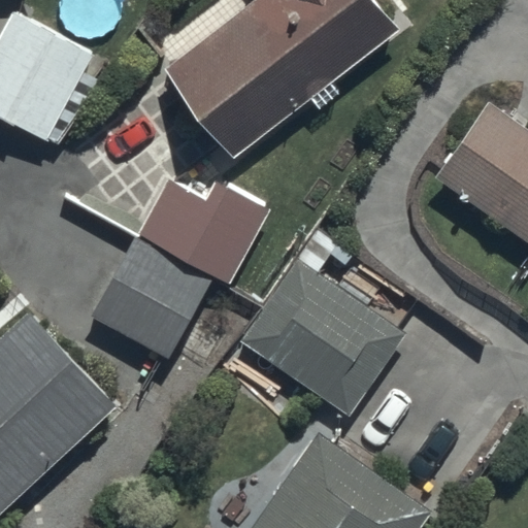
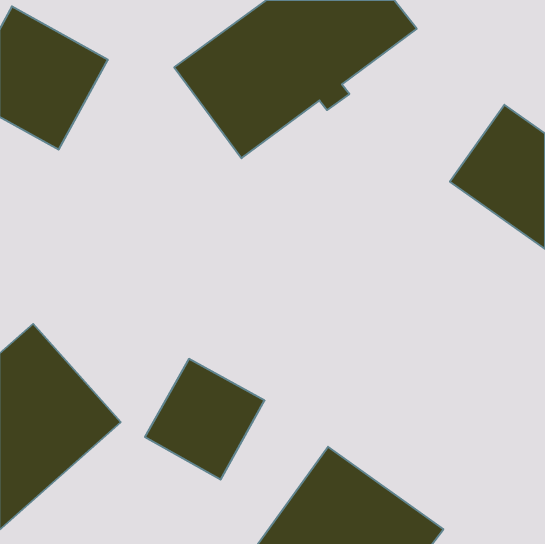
building: [138,178,269,284] -> none
building: [93,240,208,357] -> [145,359,265,480]
building: [242,257,407,416] -> none

